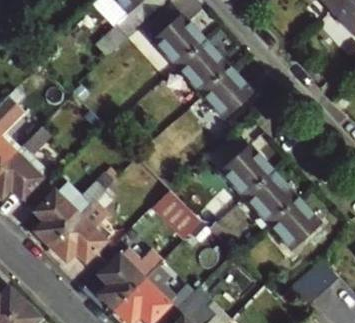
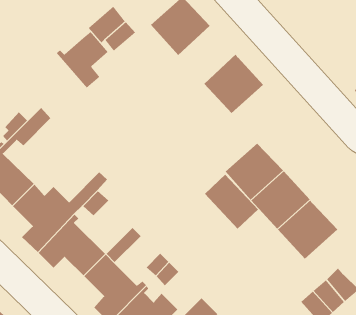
building: [177,41,229,93] -> none
building: none -> [56,31,109,88]
building: [155,187,204,237] -> [204,174,259,230]

